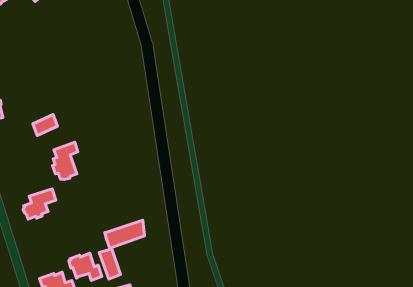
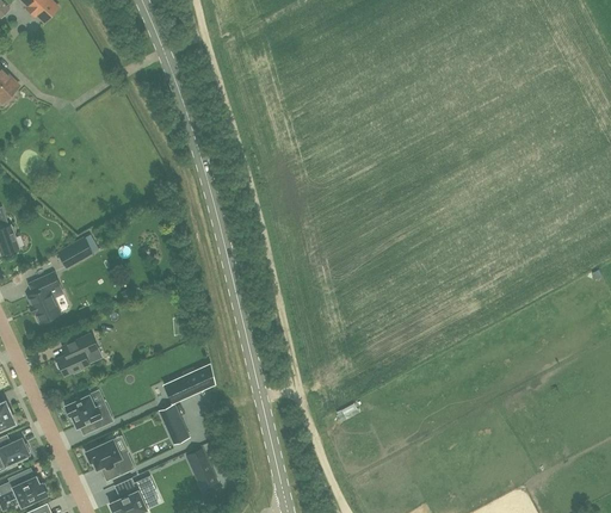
building: [52,142,78,179] -> [27,273,60,322]
building: [69,253,102,280] -> [64,394,109,428]

